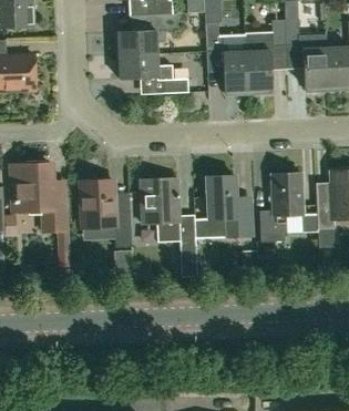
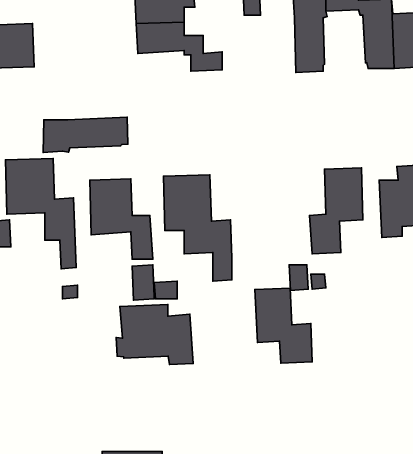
building: [223,51,248,96] -> none
building: none -> [43,117,128,152]
building: [206,176,253,237] -> [255,288,312,363]
building: none -> [116,304,193,364]

